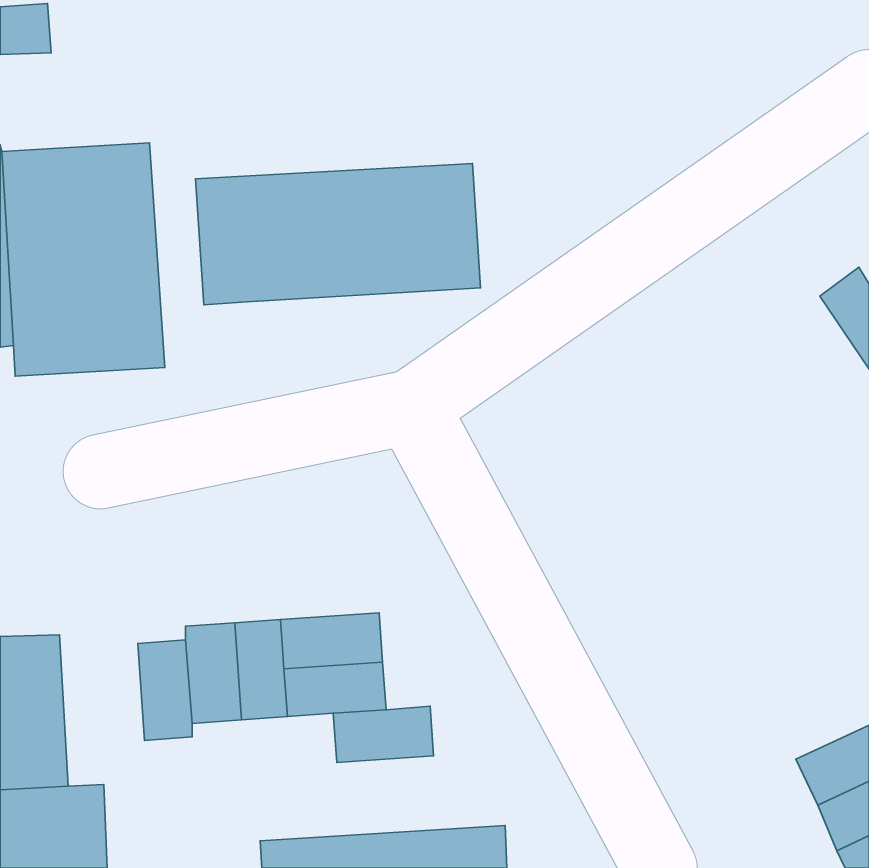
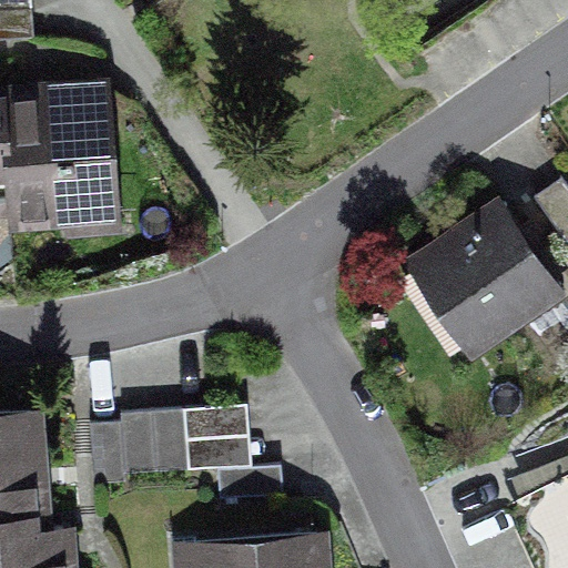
building: [196,164,480,305] -> none
building: none -> [406,210,556,362]

